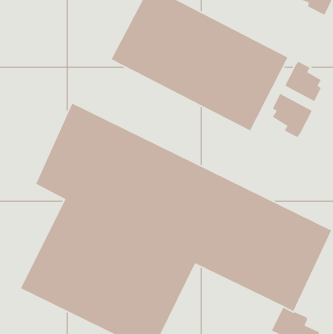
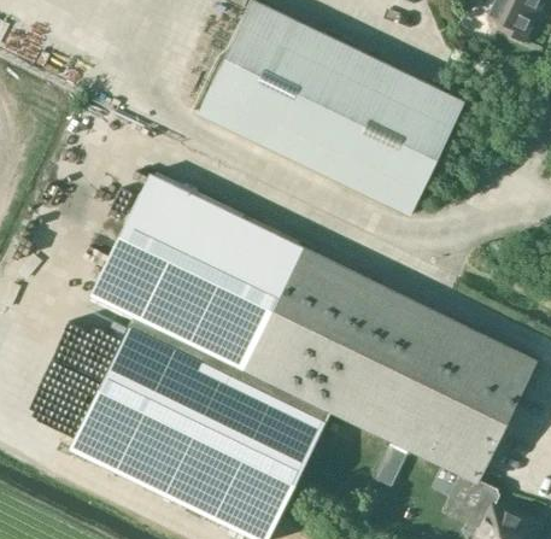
building: [284,61,322,102] -> none
building: [272,93,313,138] -> none

